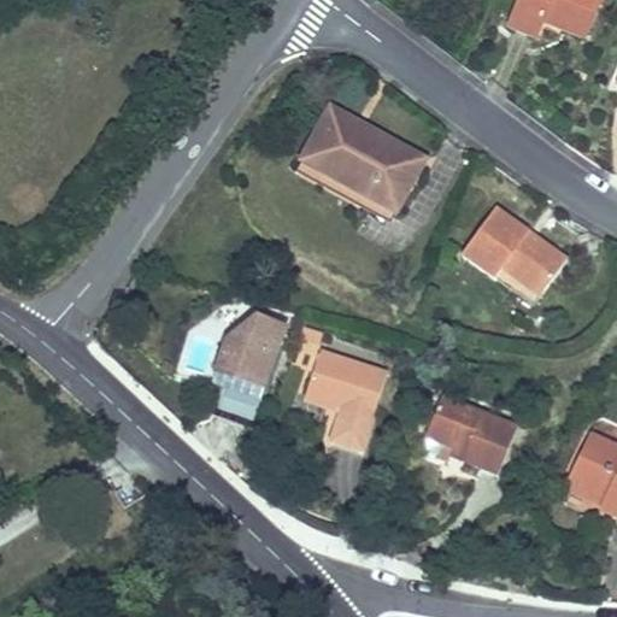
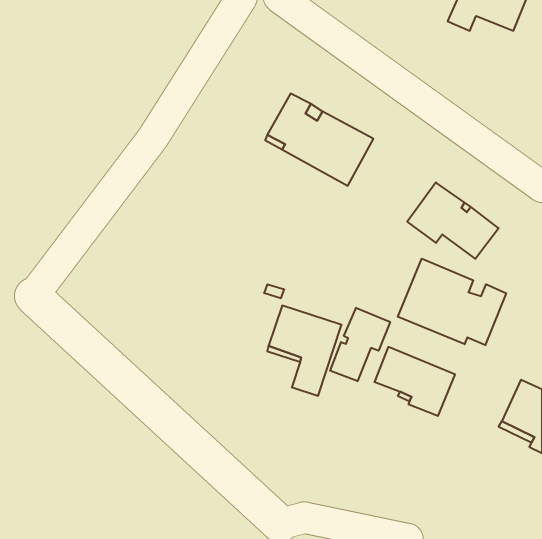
building: none -> [398,259,506,345]
building: [198,322,271,422] -> none
building: none -> [330,308,390,381]

